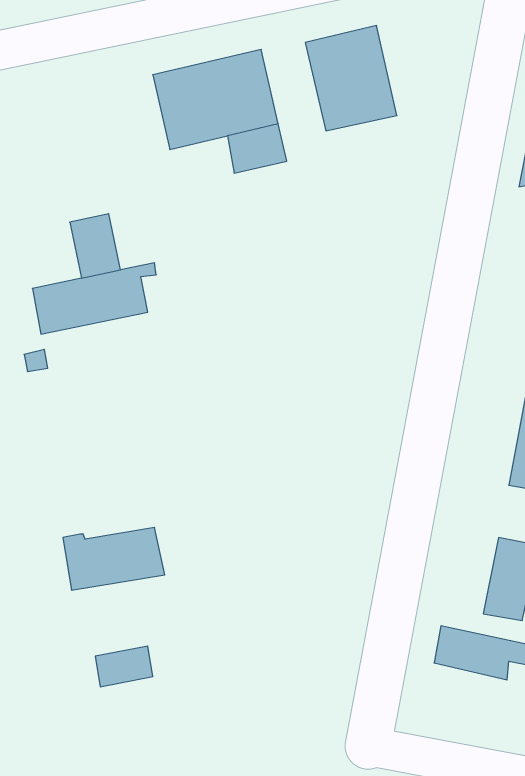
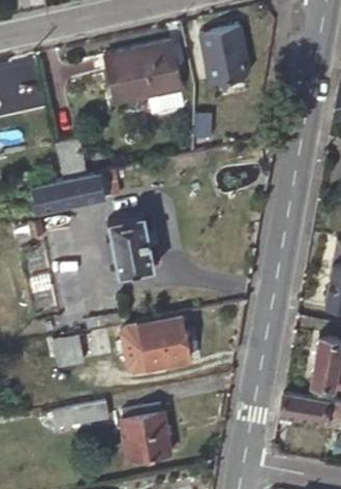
building: none -> [108,216,158,278]
building: none -> [123,314,188,370]
building: none -> [120,403,171,462]

